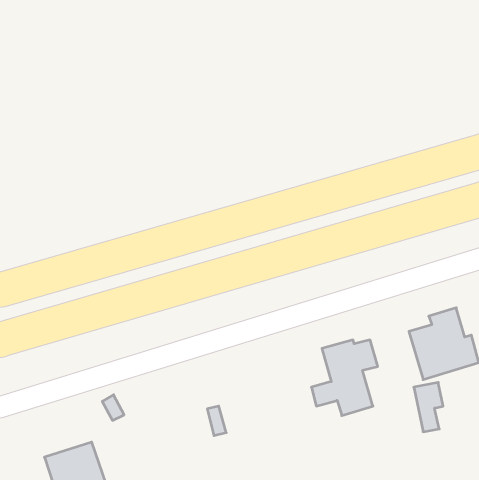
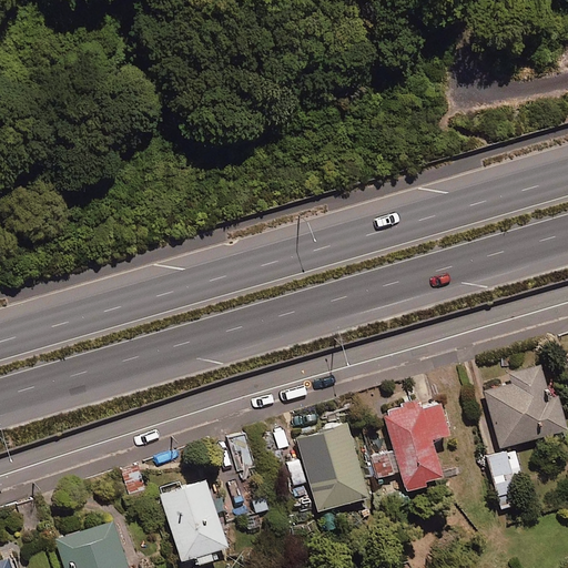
building: none -> [290,422,367,511]
building: none -> [160,479,227,561]

